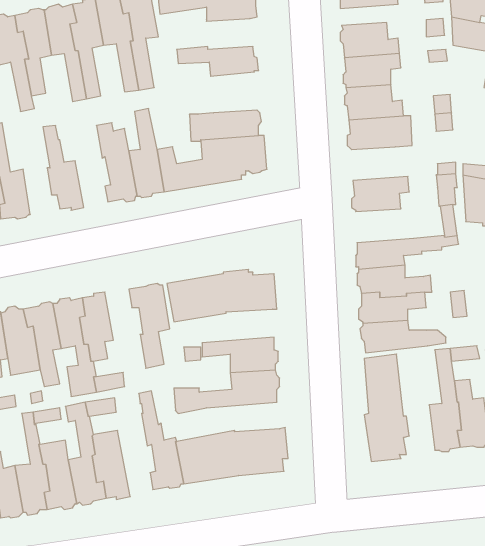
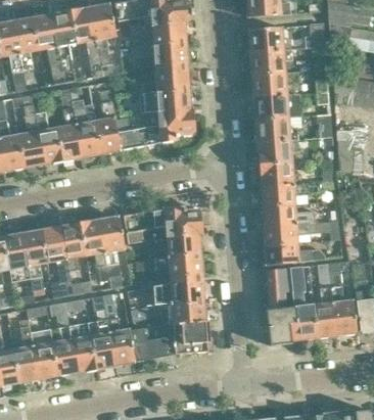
building: none -> [129,24,187,46]
building: none -> [144,62,189,93]
building: none -> [56,88,82,160]
building: none -> [12,95,45,167]
building: none -> [254,116,297,141]
building: none -> [258,161,301,186]
building: none -> [78,220,108,281]
building: none -> [148,234,202,259]
building: none -> [289,266,317,339]
building: none -> [131,301,206,323]
building: none -> [87,310,114,370]

